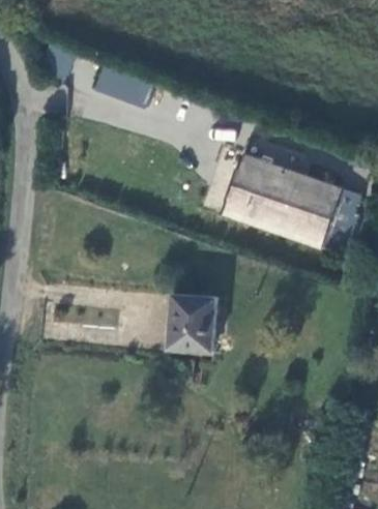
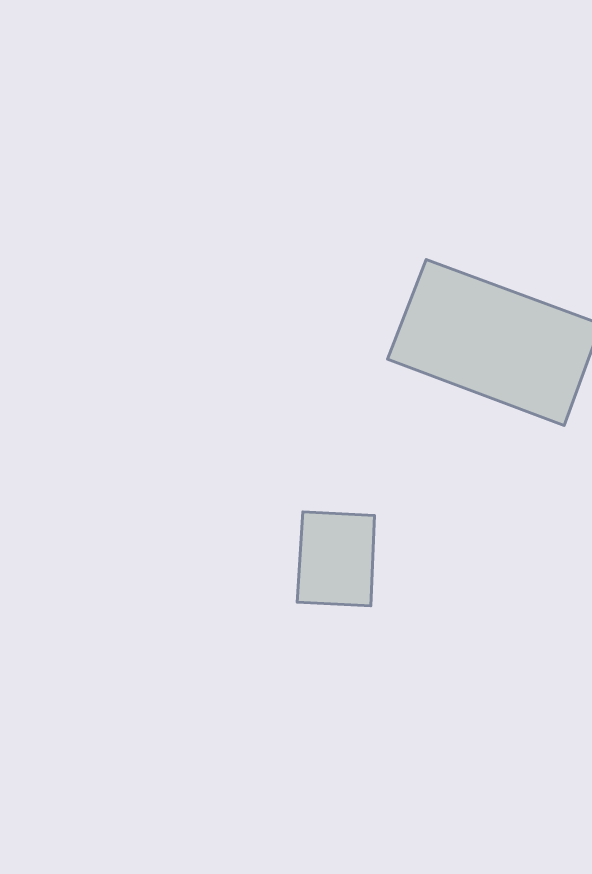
building: [93,67,152,108] -> none

